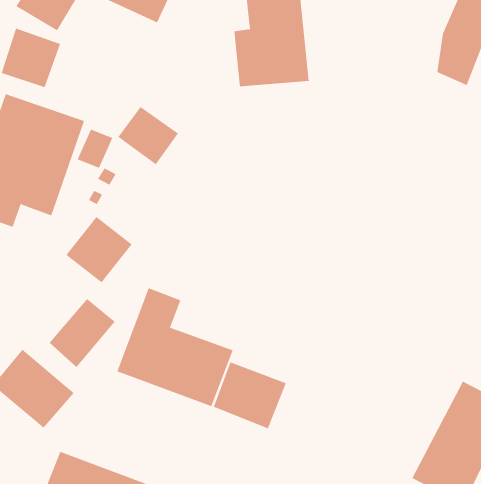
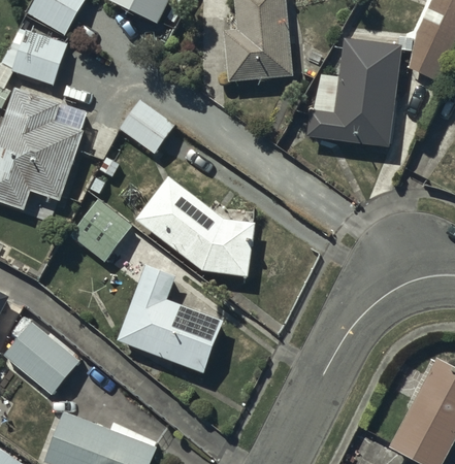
building: none -> [308,42,401,150]
building: none -> [133,168,251,266]
building: [49,298,115,368] -> none
building: [213,361,287,429] -> none

